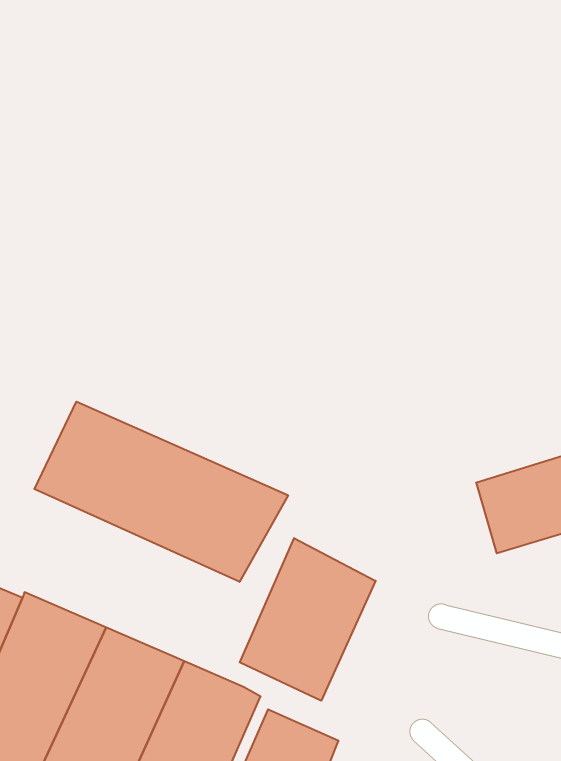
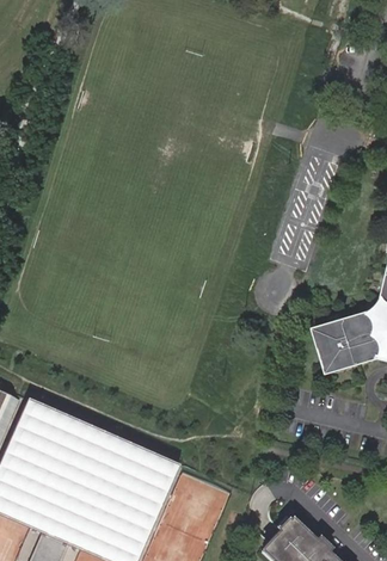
building: [34,402,288,582] -> none
building: [240,538,376,701] -> none

